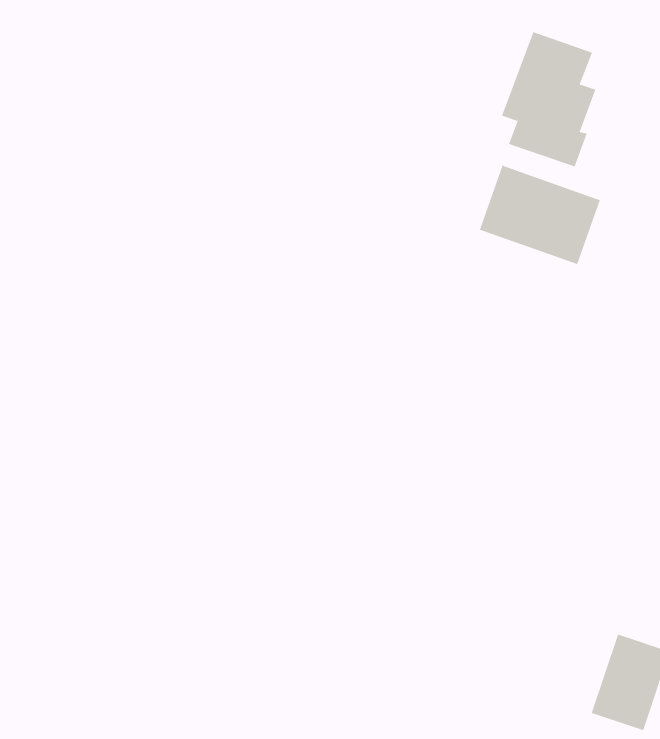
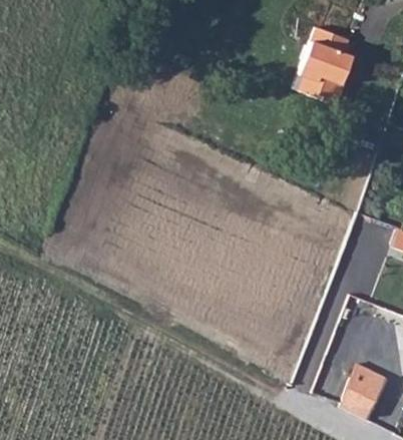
building: [479,165,601,265] -> none

